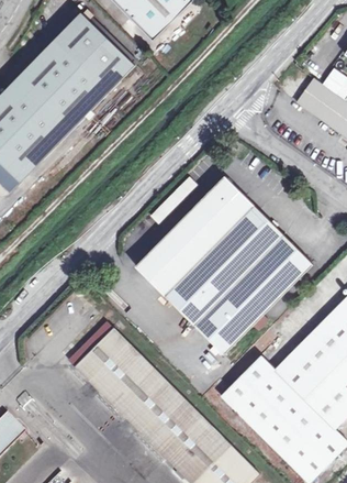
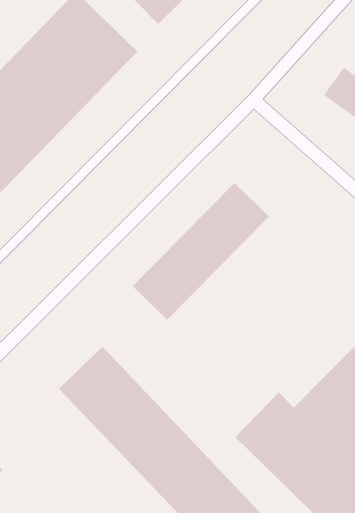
building: [163,207,309,353] -> none

